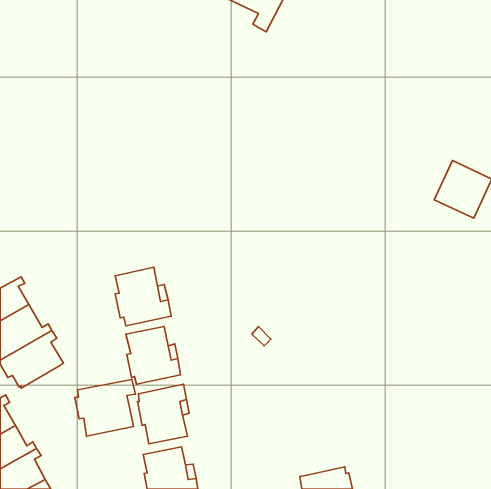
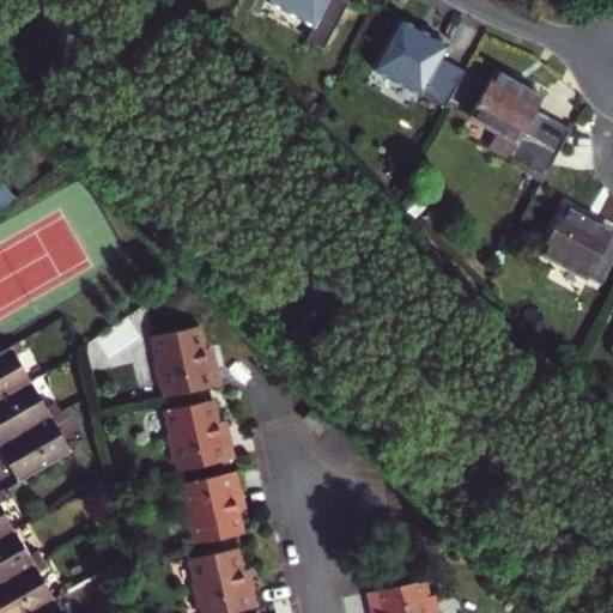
building: none -> [370,19,465,107]
building: none -> [474,68,571,175]
building: [75,379,135,436] -> none

